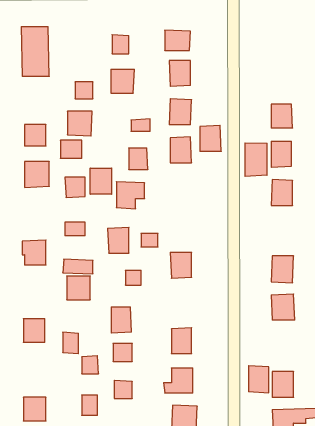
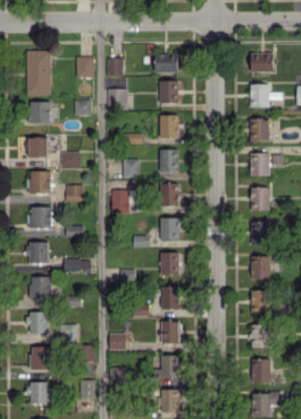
building: none -> [251,53,274,71]
building: none -> [77,56,94,77]
building: none -> [250,83,282,107]
building: [67,111,92,136] -> [29,101,51,124]
building: [200,125,221,151] -> [160,183,179,206]
building: [245,143,267,176] -> none
building: [90,168,112,194] -> none
building: none -> [29,207,51,227]
building: none -> [251,221,276,244]
building: [108,227,129,253] -> [160,217,179,240]
building: [67,276,90,300] -> [30,276,51,297]
building: [111,307,131,333] -> [161,286,179,309]
building: none -> [30,346,52,369]
building: [249,366,269,393] -> [252,324,270,348]

